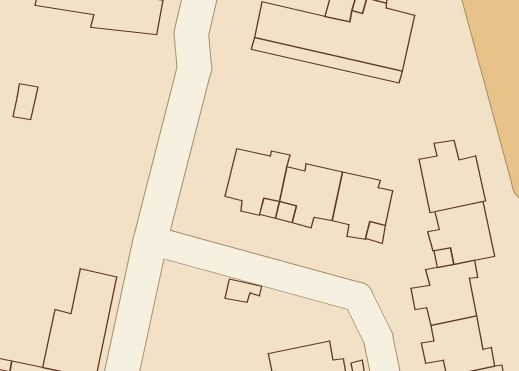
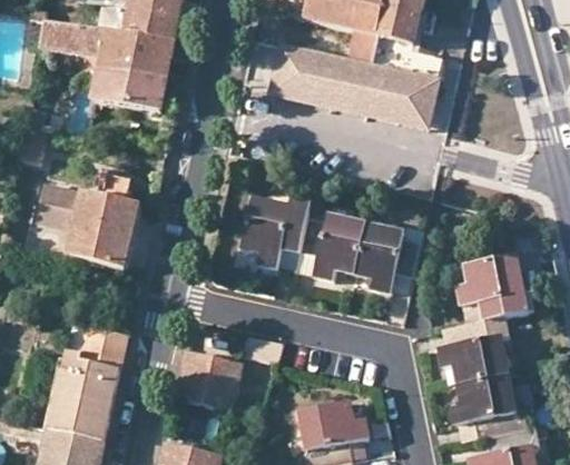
building: none -> [90,69,167,111]
building: none -> [39,172,137,269]
building: [419,140,485,213] -> none
building: none -> [173,350,239,412]

